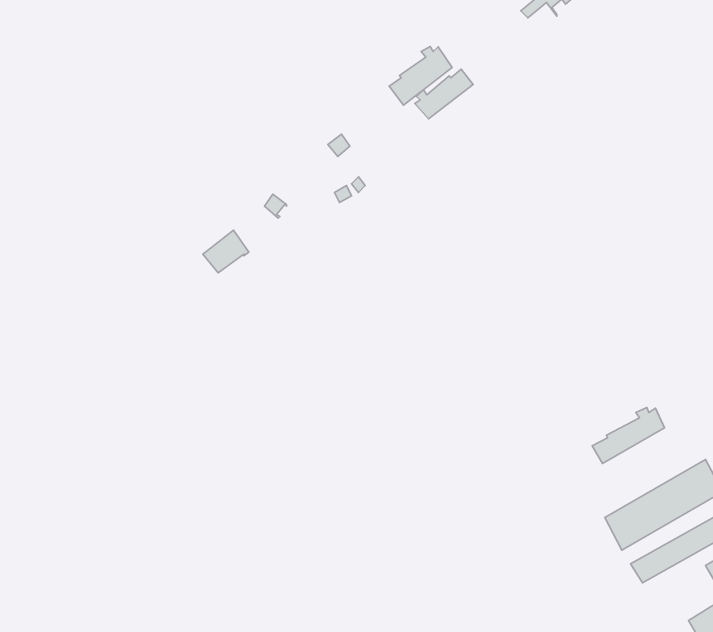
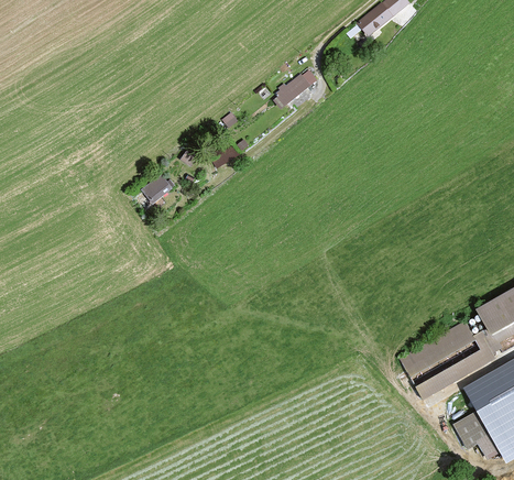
building: [389,46,452,105] -> none
building: [592,408,665,464] -> none

